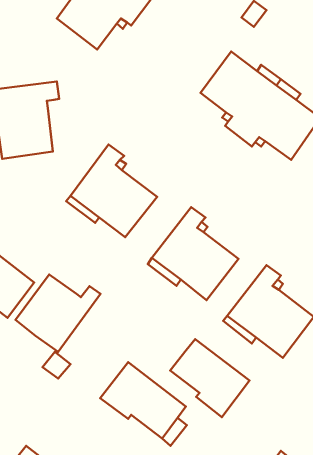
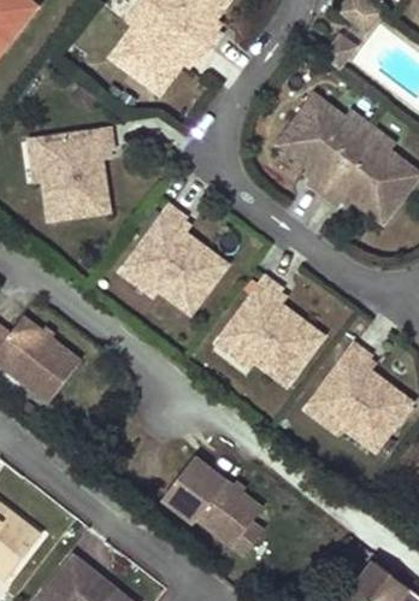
building: [15,274,101,352] -> none
building: [170,339,249,417] -> none

